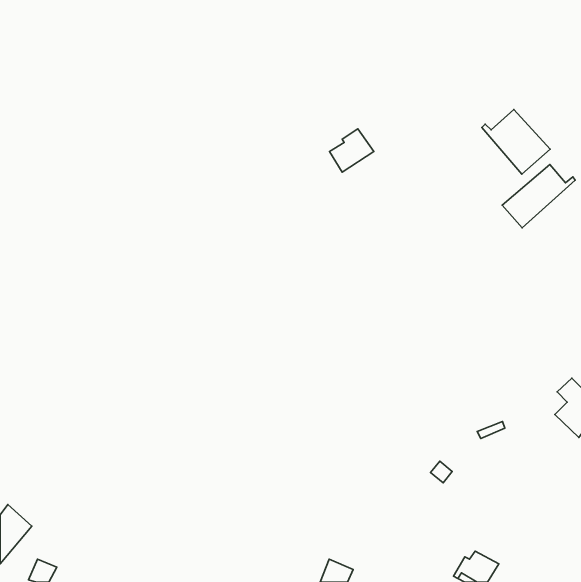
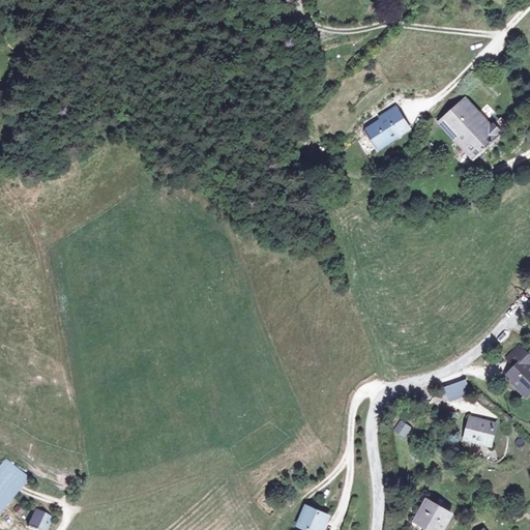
building: [329,129,374,172] -> [363,106,404,145]
building: [502,164,575,228] -> none
building: none -> [461,416,494,447]

